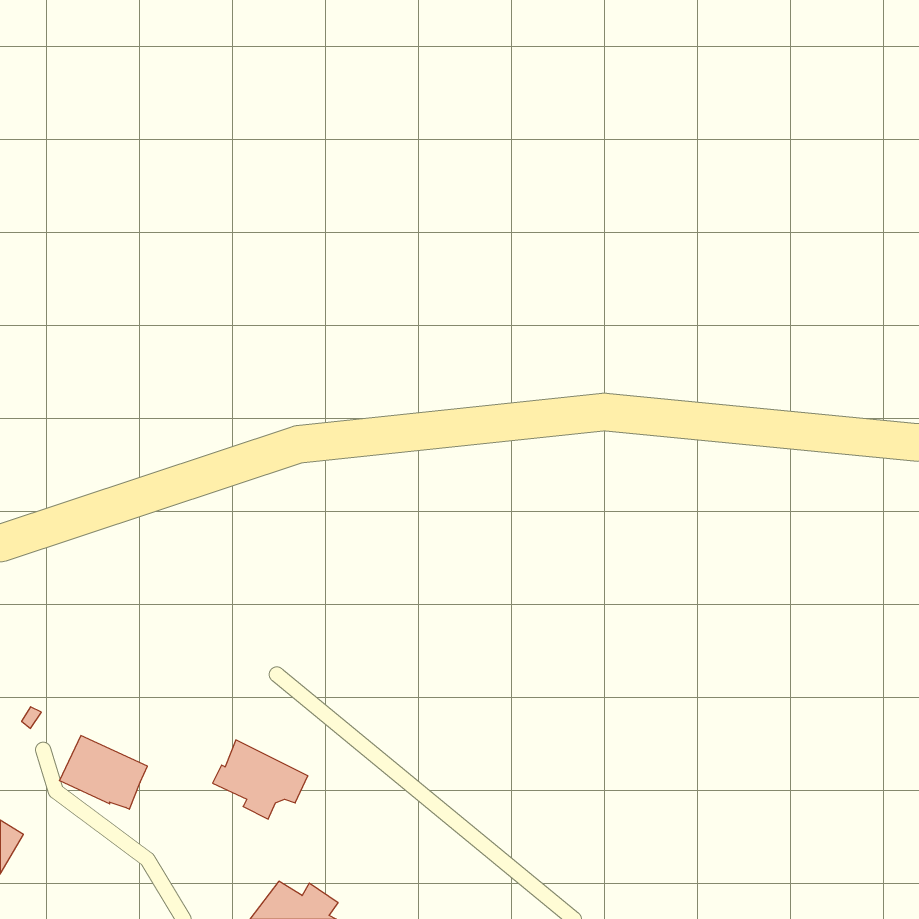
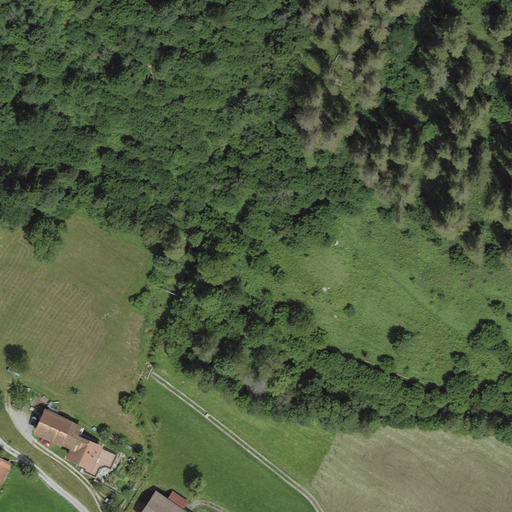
building: [213,740,308,819] -> [65,435,118,479]

